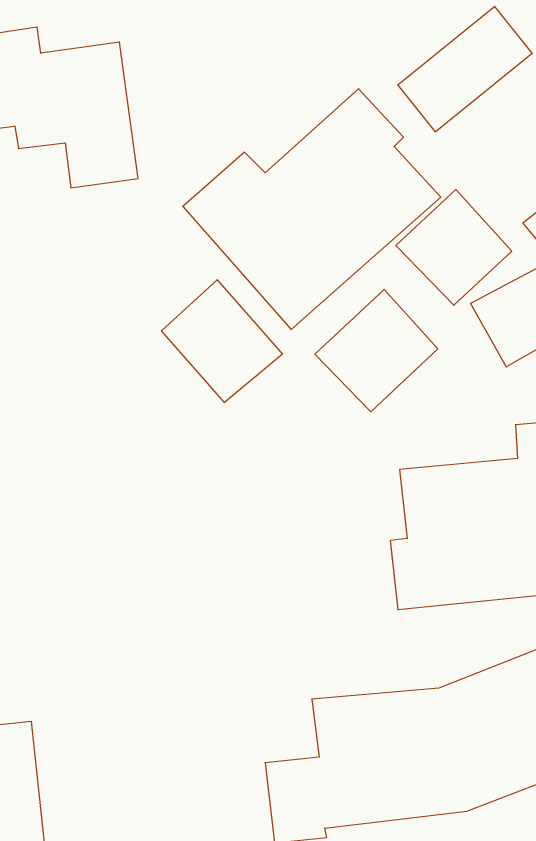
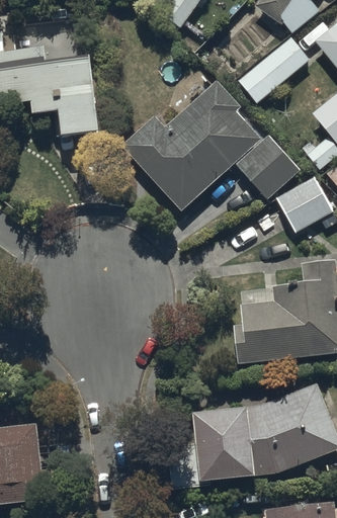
building: [161,280,282,403] -> none
building: [315,289,438,412] -> none

